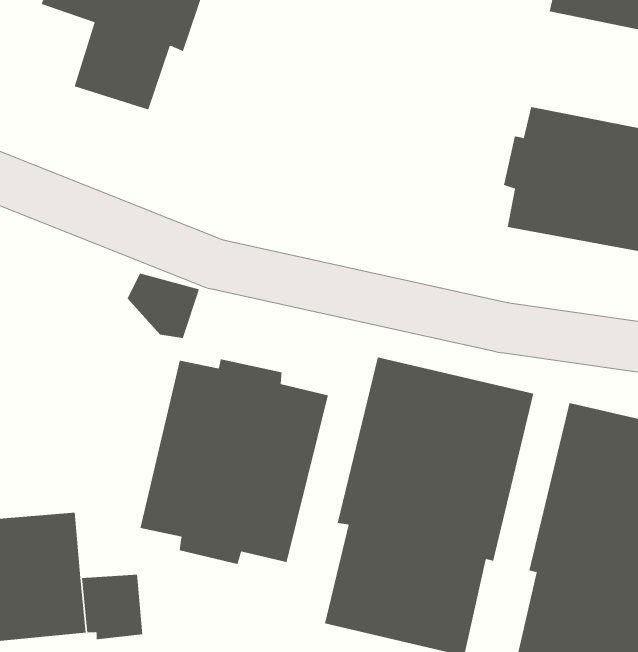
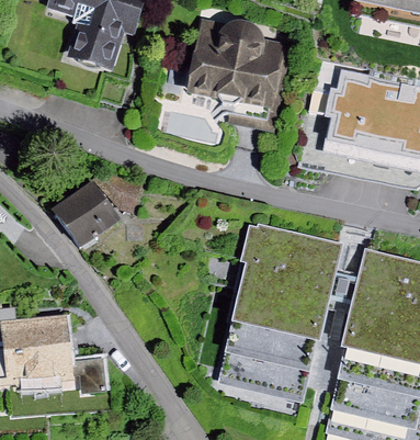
building: none -> [186,18,292,128]
building: none -> [53,178,121,246]
building: [140,359,329,565] -> none

